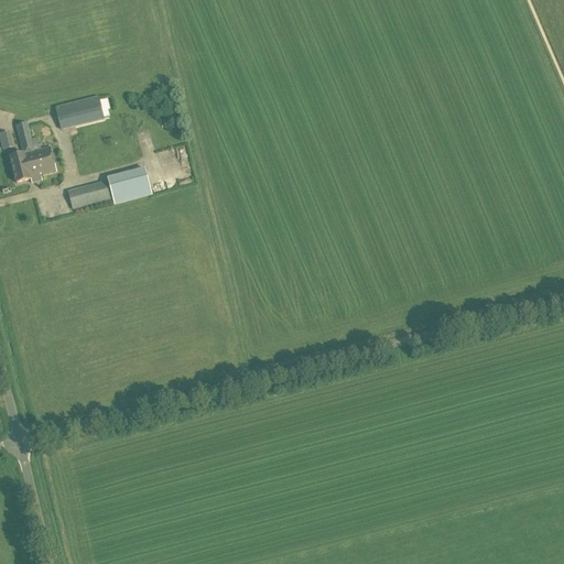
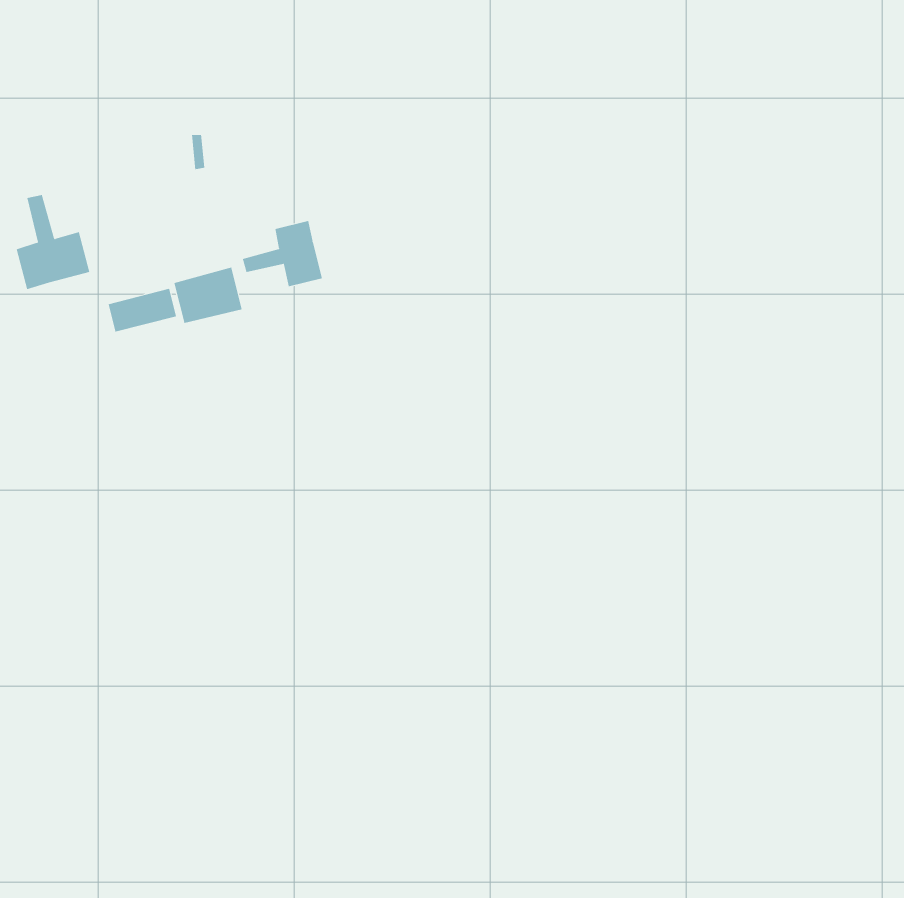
building: [55,95,110,127] -> none
building: none -> [242,220,322,287]

